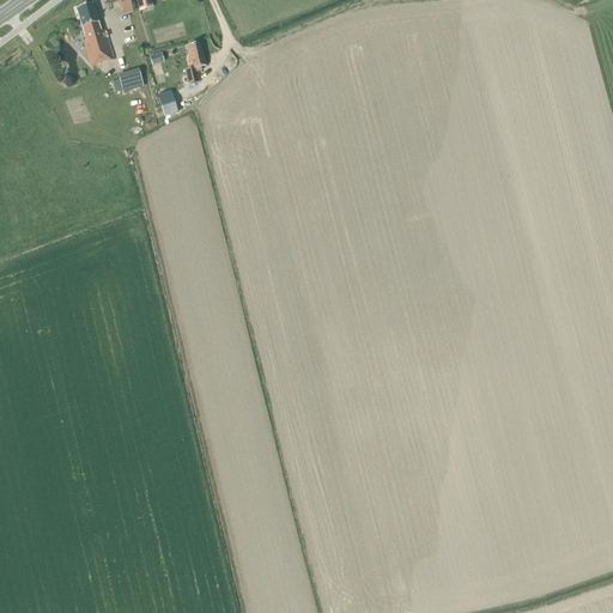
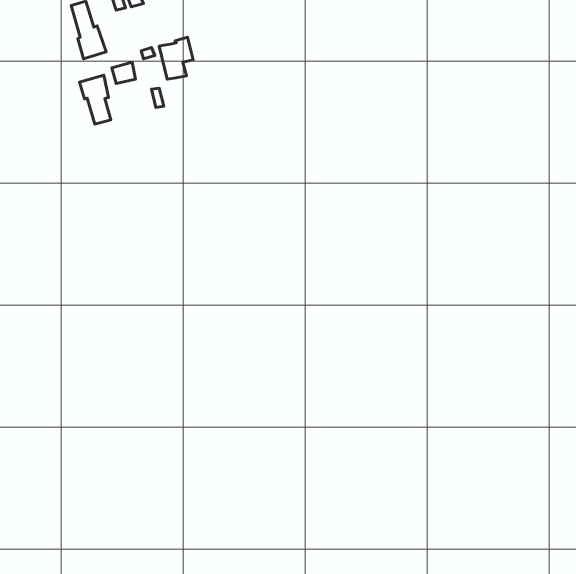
building: none -> [79,75,111,124]

